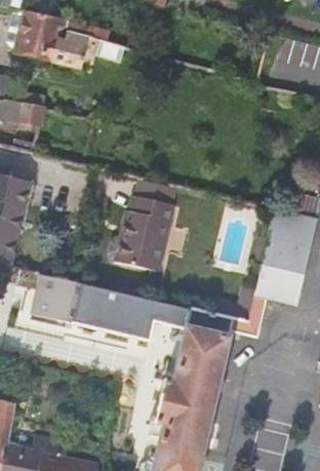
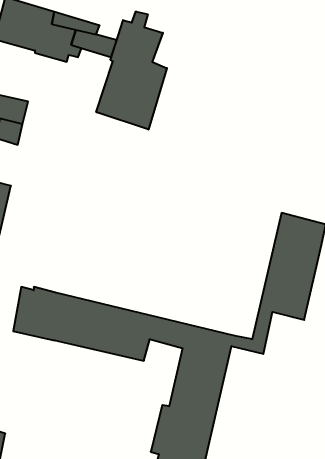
building: none -> [96,11,167,130]
building: [109,195,163,267] -> none

